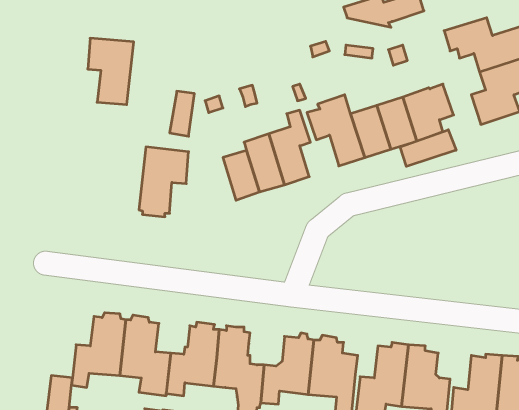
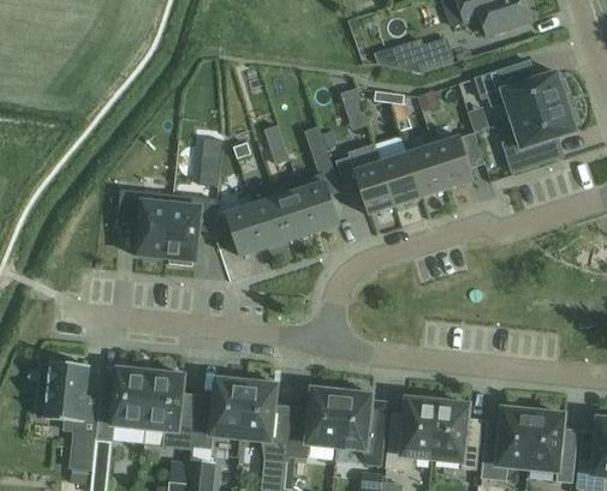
building: [88,38,134,105] -> [125,192,172,259]
building: [400,130,456,166] -> none
building: none -> [213,206,263,257]
building: none -> [37,360,90,421]

